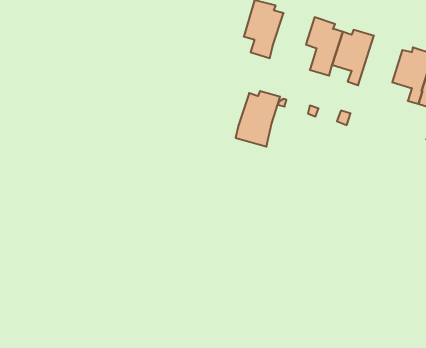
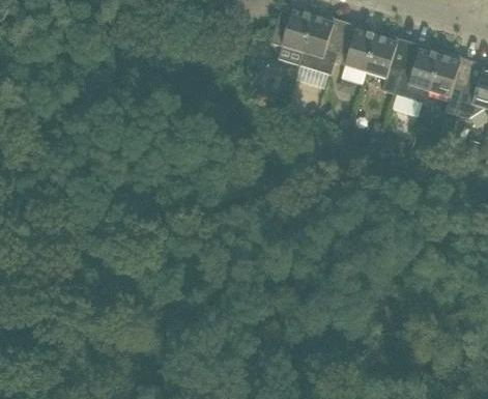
building: none -> [395,41,441,104]
building: [236,91,280,147] -> [300,16,348,75]

